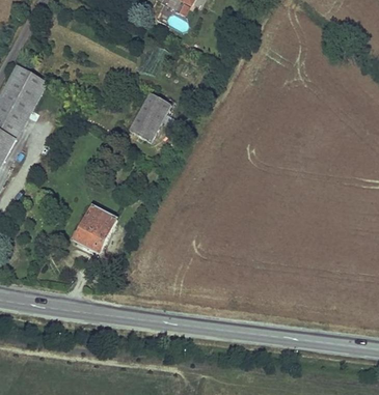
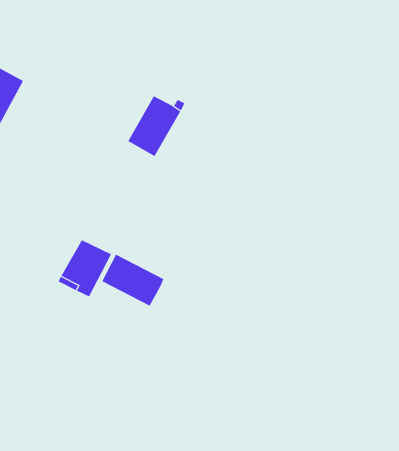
building: none -> [102,254,164,306]

